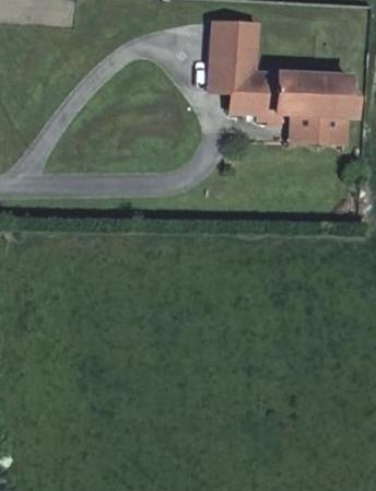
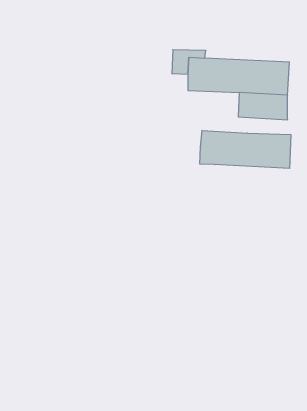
building: [219,23,258,62] -> none
building: none -> [200,130,291,168]

